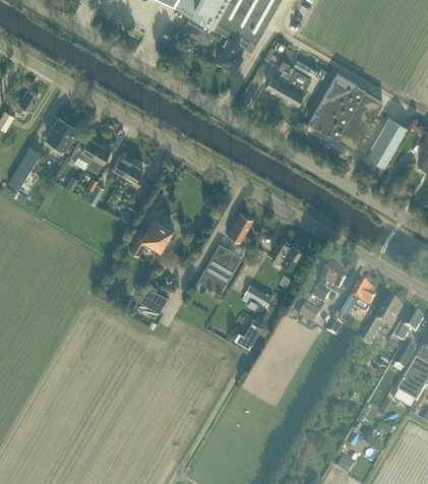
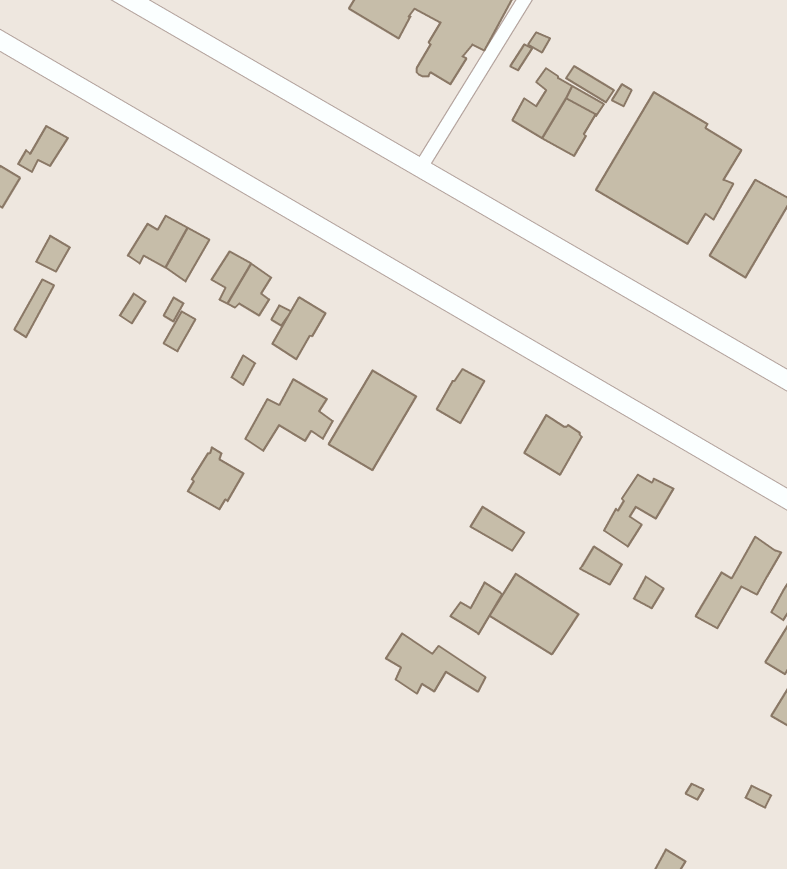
building: [47,118,76,153] -> none
building: none -> [272,297,325,359]
building: [197,243,242,294] -> [329,370,416,470]
building: [342,283,376,320] -> none
building: [138,285,167,316] -> [188,447,244,509]
building: none -> [489,574,579,654]
building: none -> [386,633,485,694]

